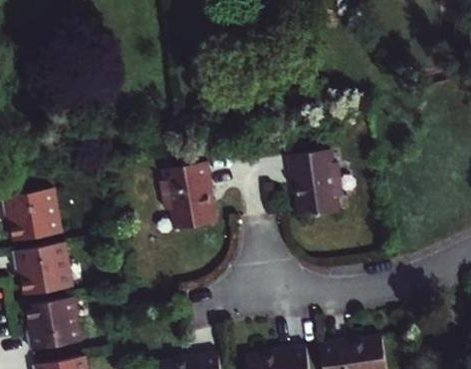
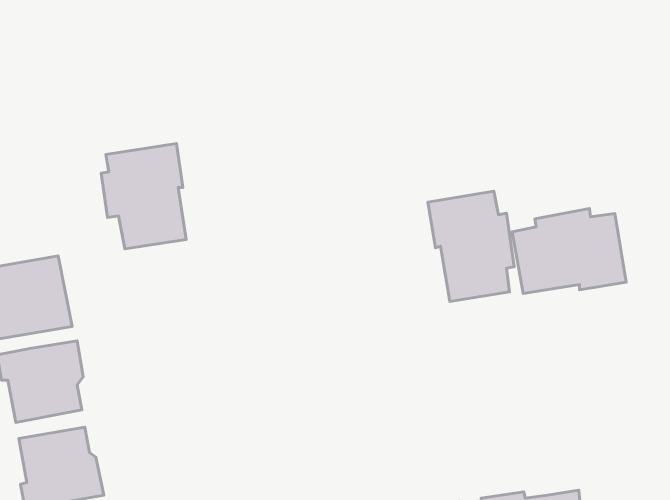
building: none -> [512,209,626,294]
building: [164,163,218,231] -> [101,143,186,249]

